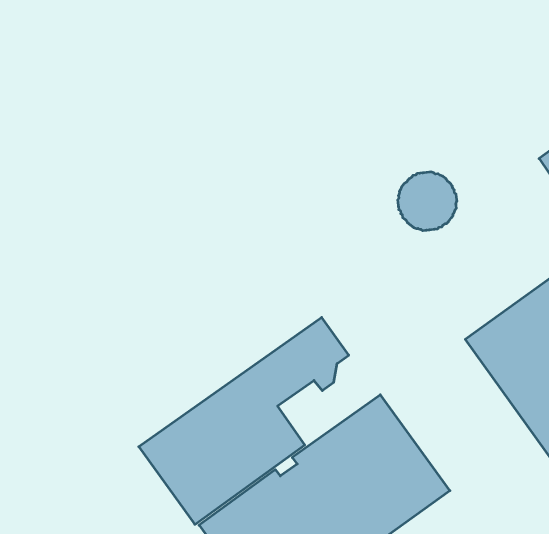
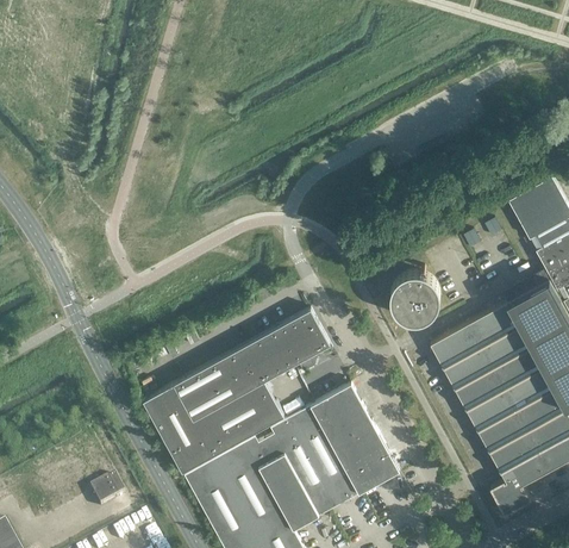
building: [398,172,457,231] -> [389,273,439,322]

